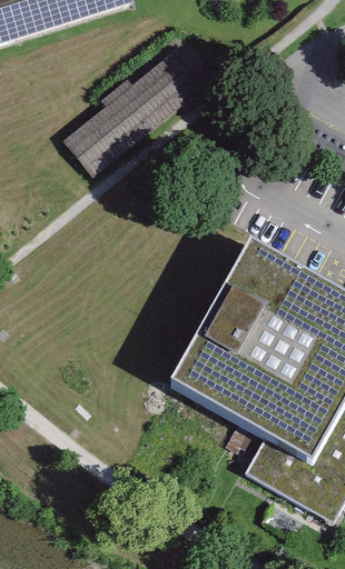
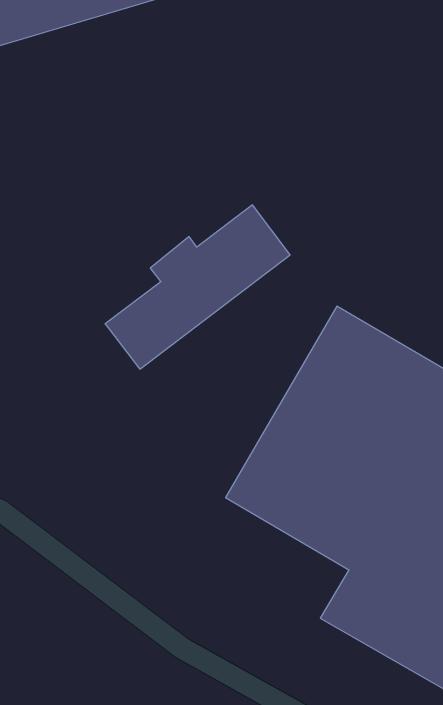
building: [72,52,209,173] -> [105,205,290,369]

